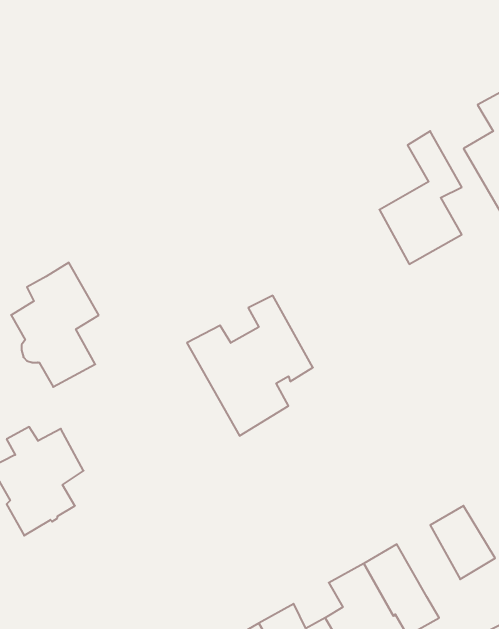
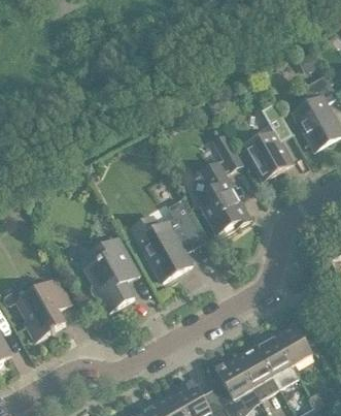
building: none -> [190,136,250,236]
building: [11,263,99,387] -> [83,238,135,312]
building: none -> [254,335,298,390]

